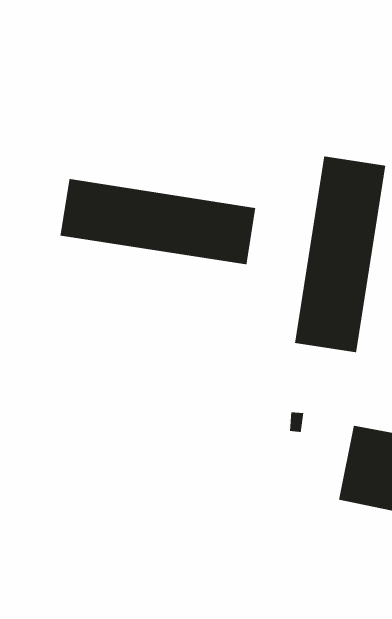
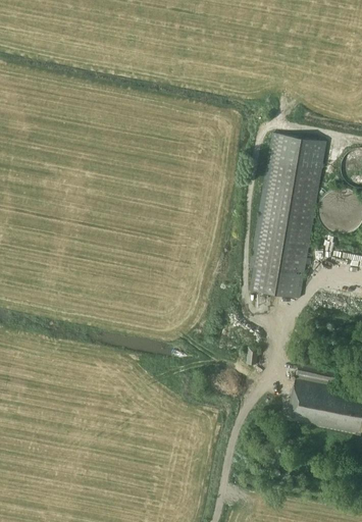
building: [60,178,256,265] -> none

